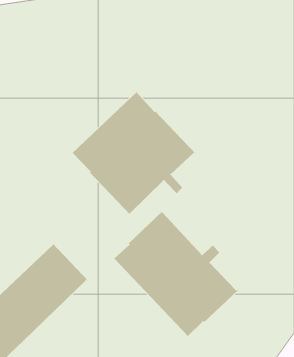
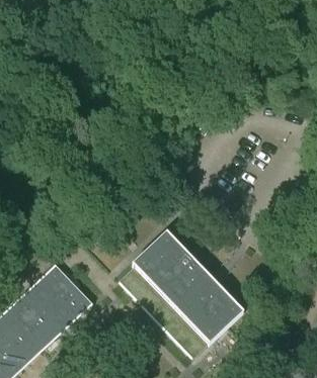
building: [72,92,197,216] -> none

